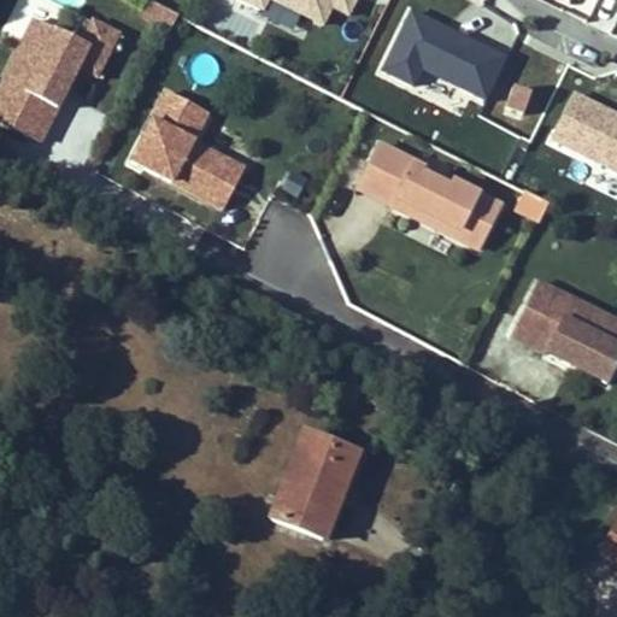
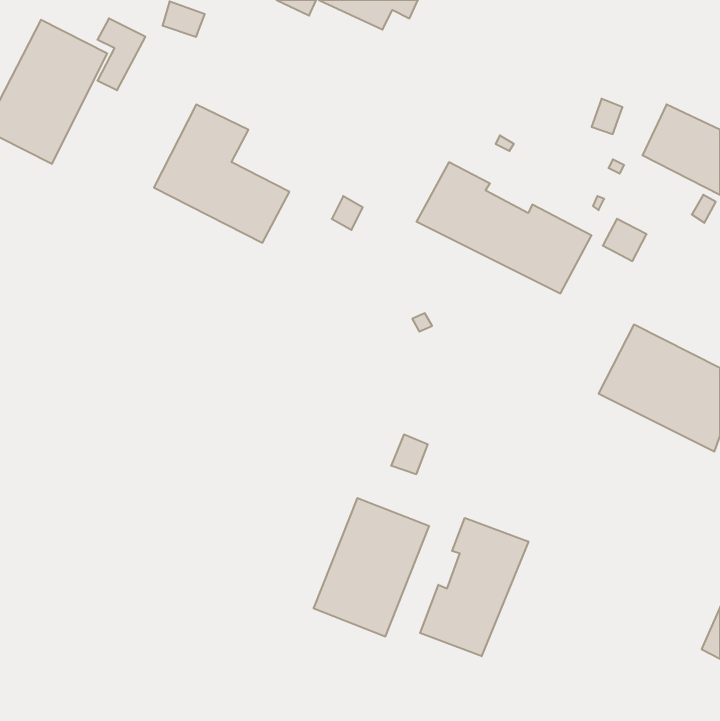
building: [378,6,510,100] -> none
building: none -> [420,518,528,656]

